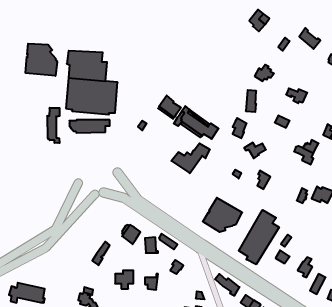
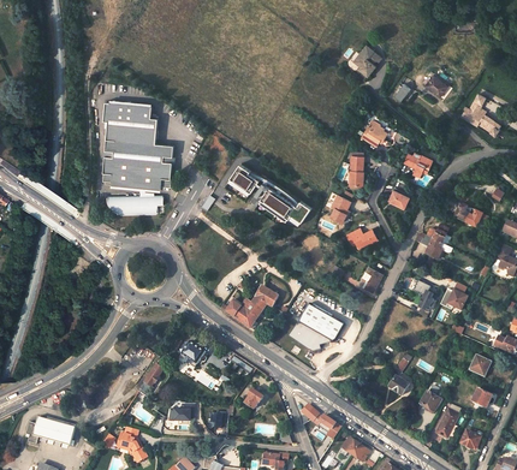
building: [26,44,57,76] -> none
building: [47,108,60,143] -> none
building: [171,143,210,173] -> [225,286,278,327]
building: [239,210,279,264] -> none

